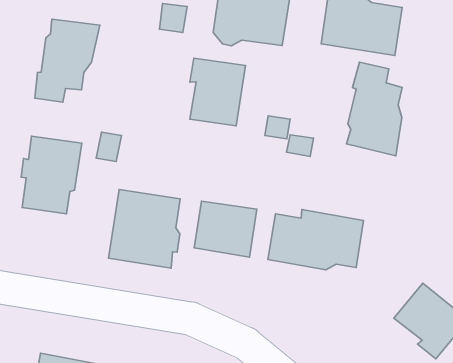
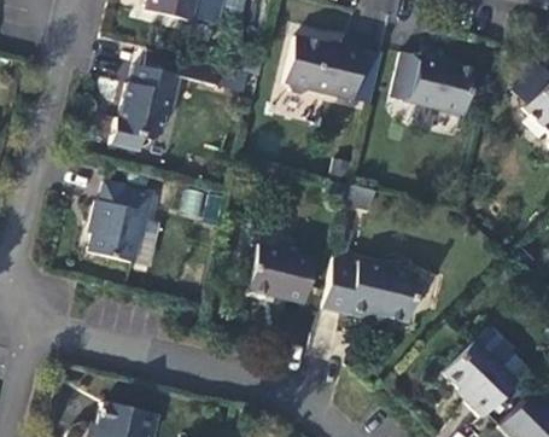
building: [190,58,246,126] -> none
building: [347,62,402,156] -> none
building: [109,189,180,268] -> none

